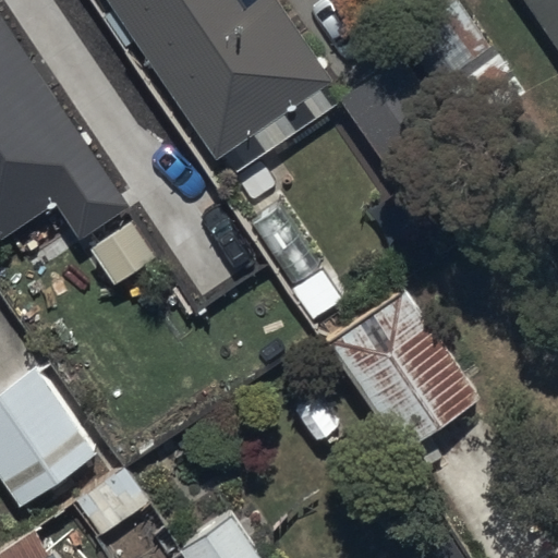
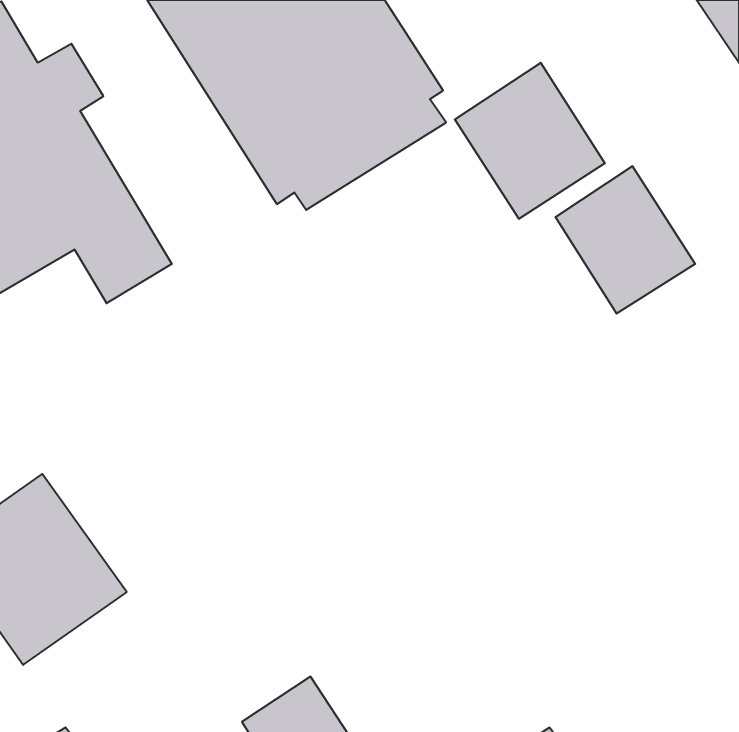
building: [333,282,480,449] -> none

